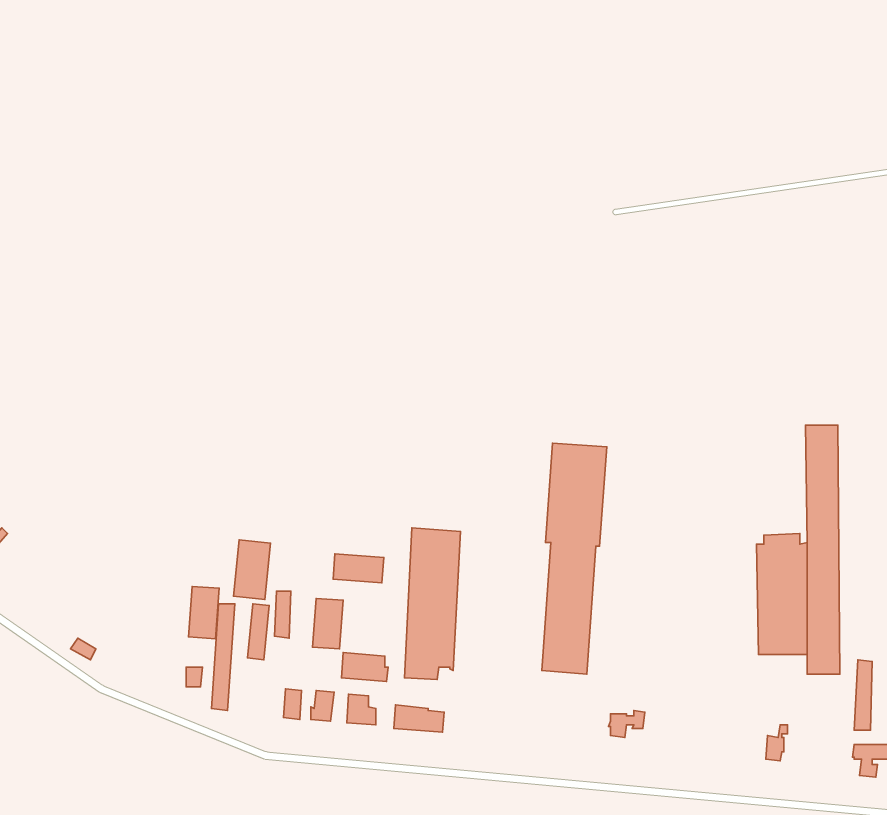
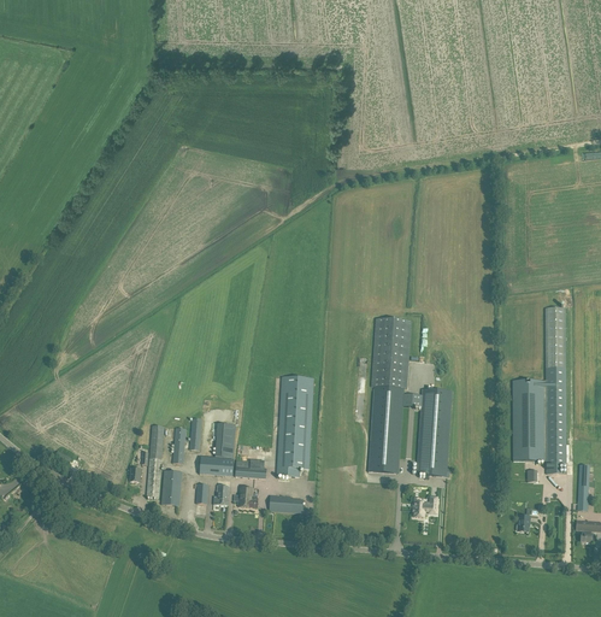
building: [234,540,271,600] -> none
building: none -> [417,388,452,475]
building: [333,554,384,583] -> [200,457,234,476]
building: [188,586,219,639] -> [163,471,183,506]

